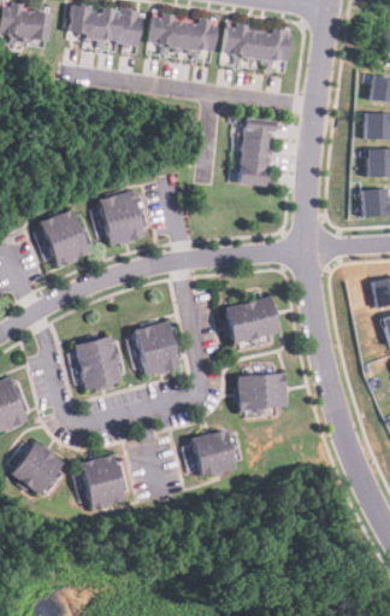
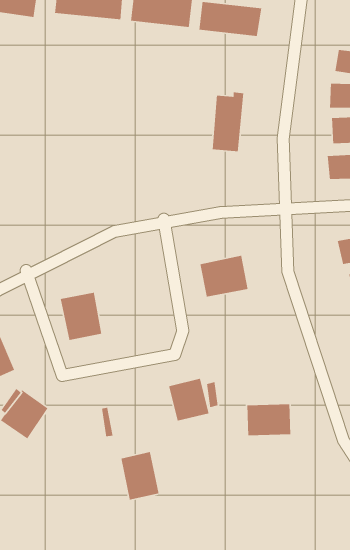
building: [96,190,141,245] -> none
building: [39,210,85,266] -> none
building: [132,321,175,376] -> none
building: [236,374,284,409] -> [246,404,291,436]
building: [78,454,120,508] -> [120,451,159,501]

